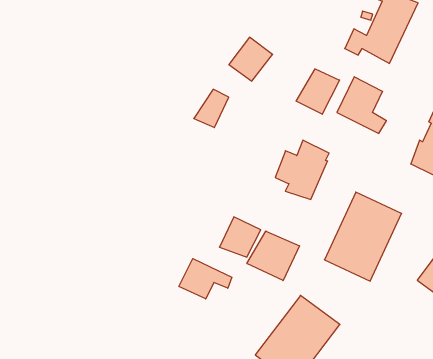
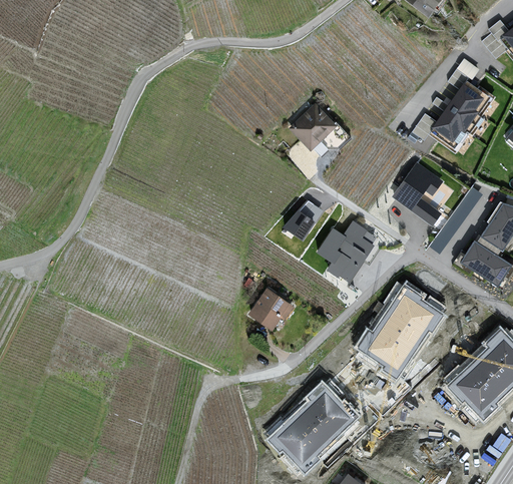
building: [296,69,340,114] -> none
building: [194,89,229,128] -> [283,199,323,239]
building: [247,231,299,281] -> none
building: [179,259,232,299] -> none

